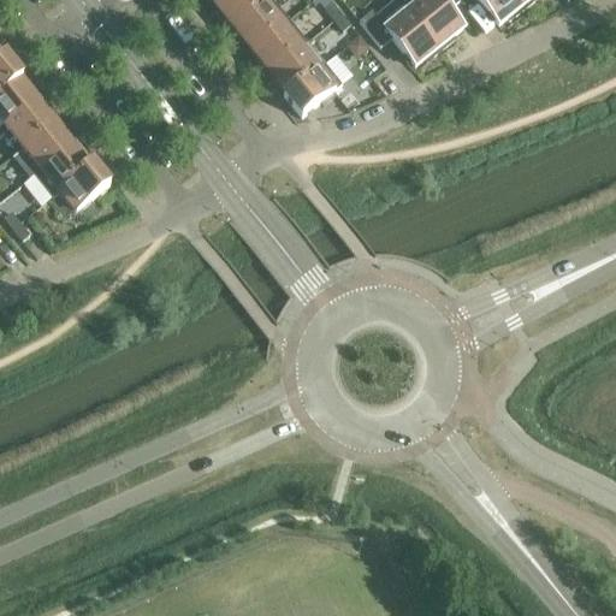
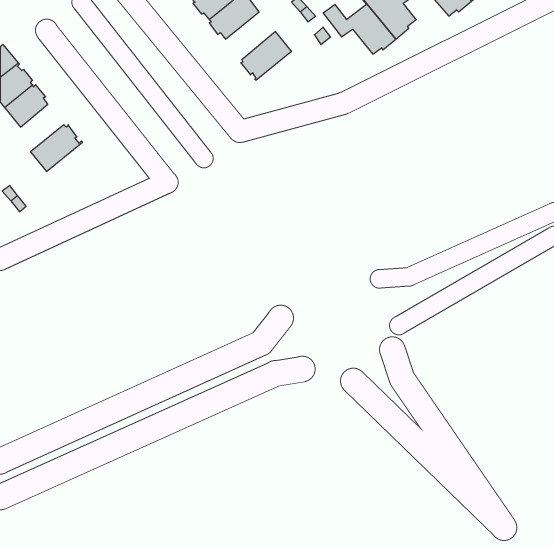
building: [250,13,306,66] -> none
building: [284,57,340,111] -> none
building: [23,116,72,168] -> none
building: [52,158,108,208] -> none

